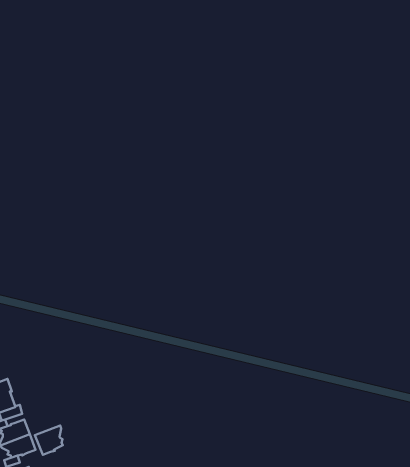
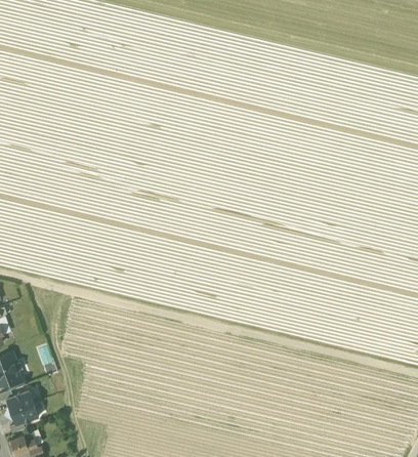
building: [35,425,63,455] -> none

